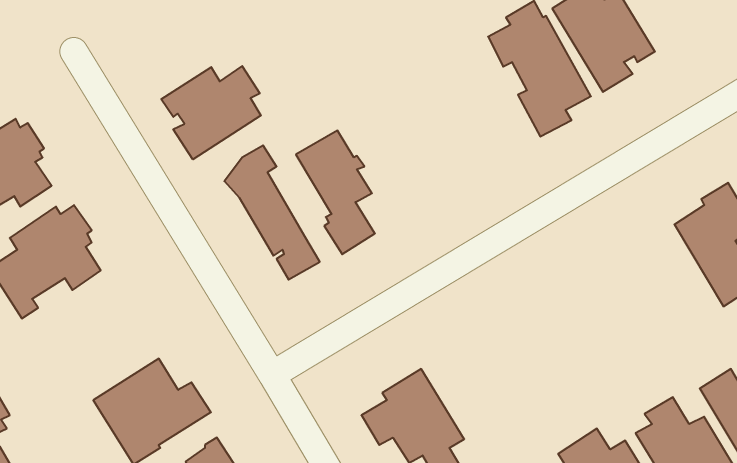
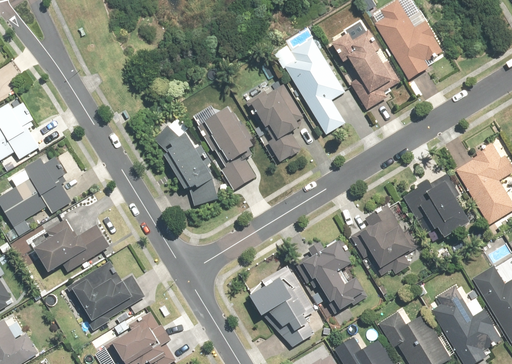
building: none -> [284,39,344,134]
building: [161,66,261,159] -> none
building: none -> [249,84,303,160]
building: none -> [403,173,468,243]
building: none -> [349,203,414,276]
building: none -> [32,219,110,273]
building: none -> [300,239,367,311]

